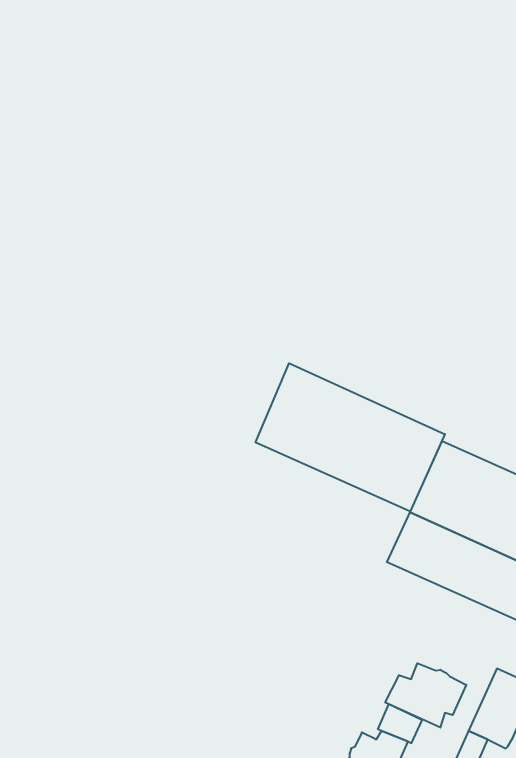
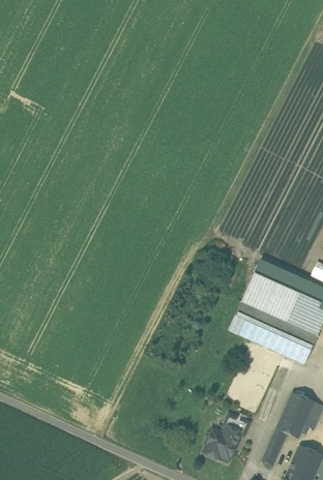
building: [256,363,445,512] -> none
building: [385,663,466,728] -> none

